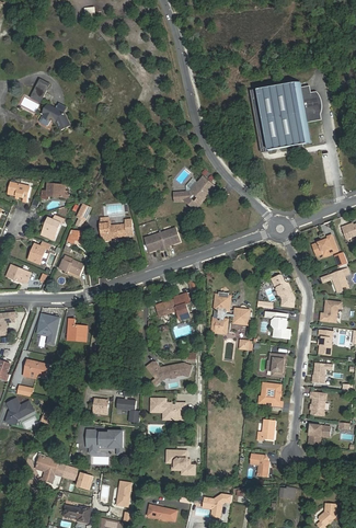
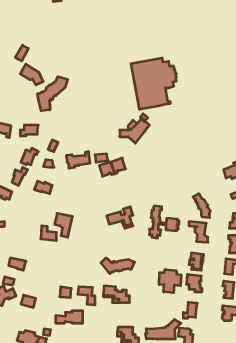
building: [259,81,319,149] -> [131,58,176,109]
building: none -> [38,77,68,111]
building: [36,313,60,345] -> [55,213,73,237]
building: none -> [159,269,181,293]
building: none -> [146,319,181,339]

